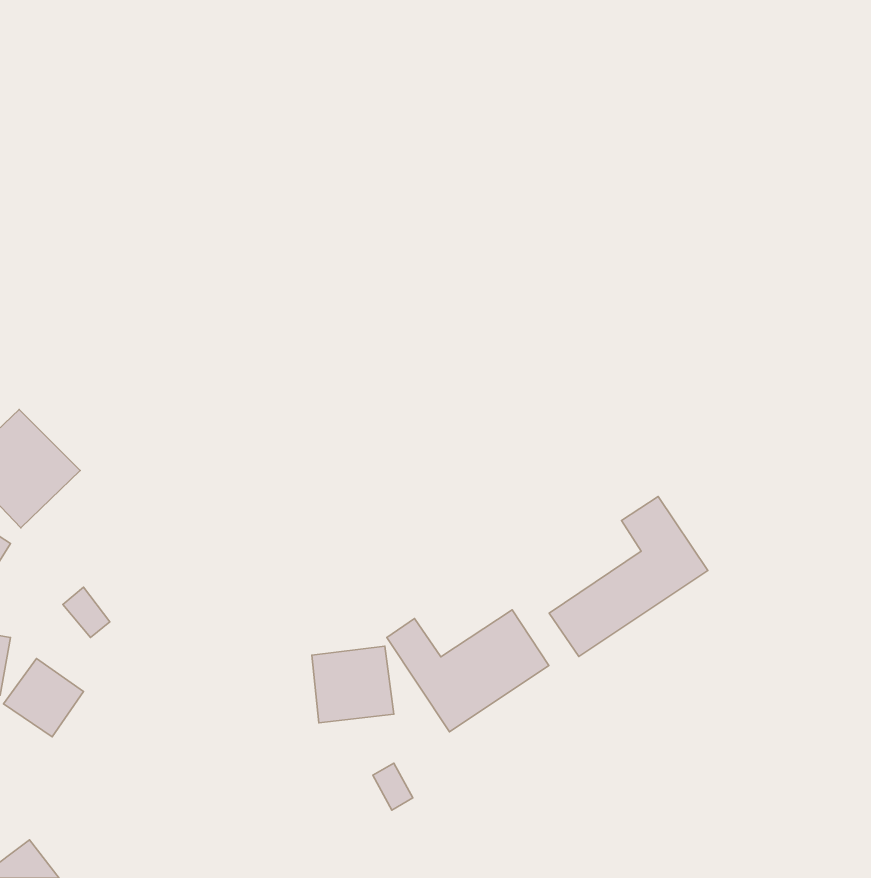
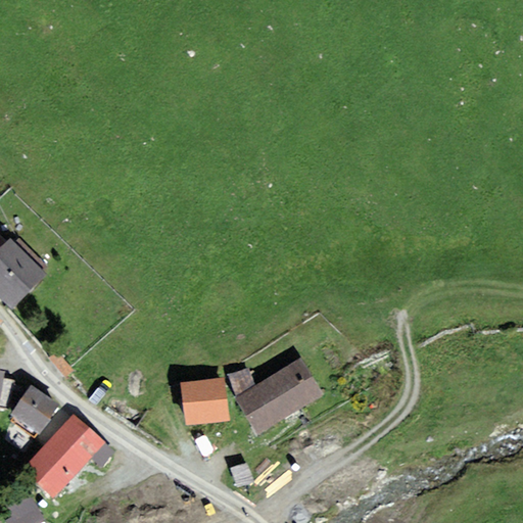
building: [549,497,708,657] -> none
building: none -> [28,414,103,498]

